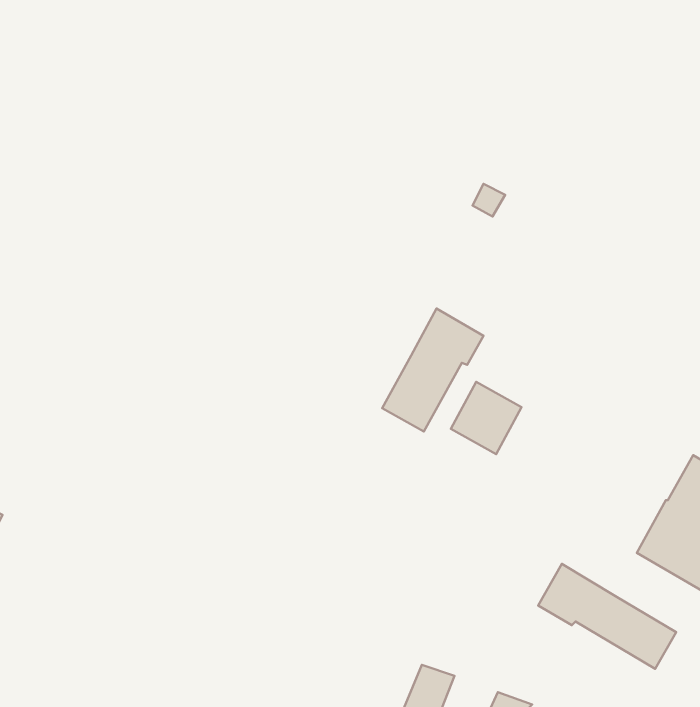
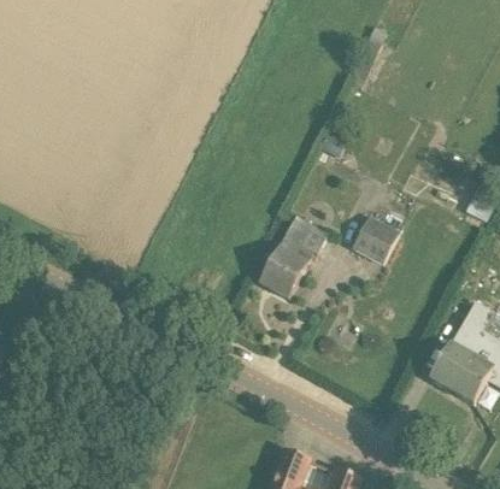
building: [451,382,521,454] -> [349,216,396,264]
building: [538,564,676,669] -> none

